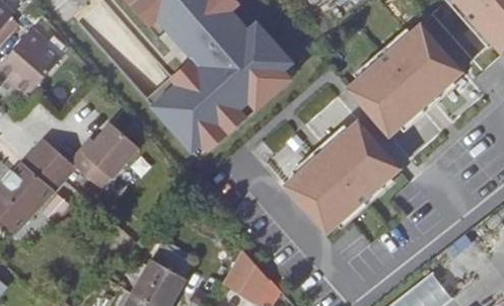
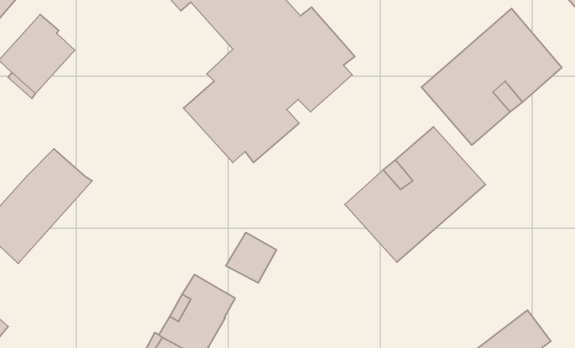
building: [70,122,137,185] -> none
building: [223,256,265,298] -> [226,232,277,283]

